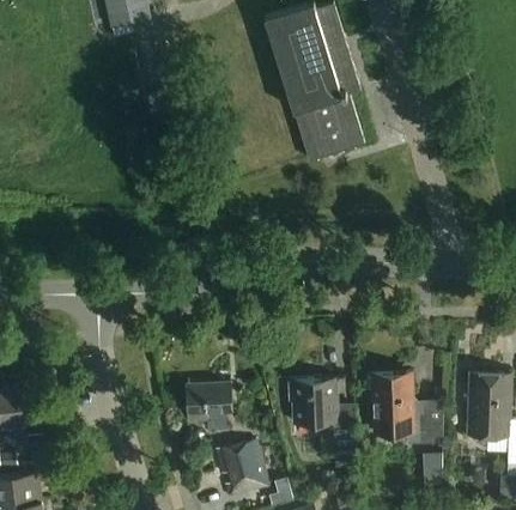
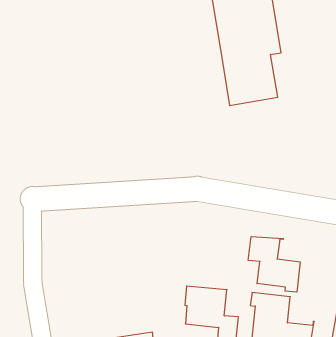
building: none -> [248,237,300,292]
building: [186,382,231,423] -> none

